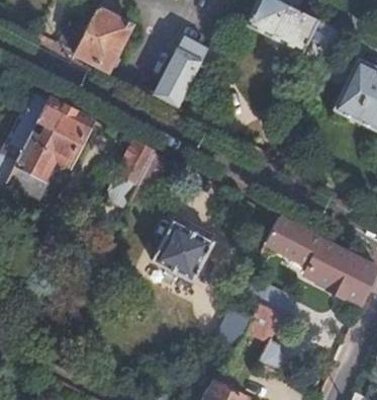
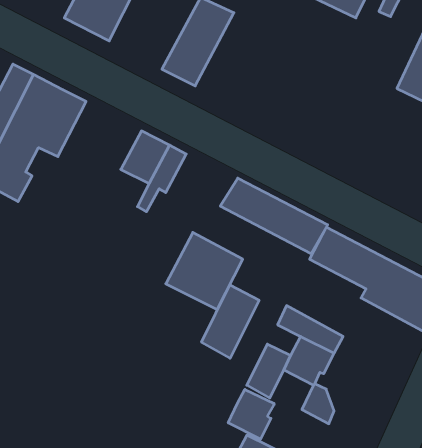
building: none -> [220,178,328,254]
building: none -> [202,285,259,358]
building: none -> [228,389,274,439]

